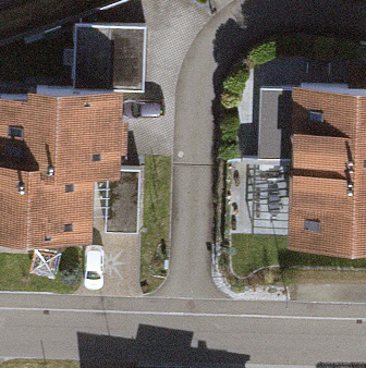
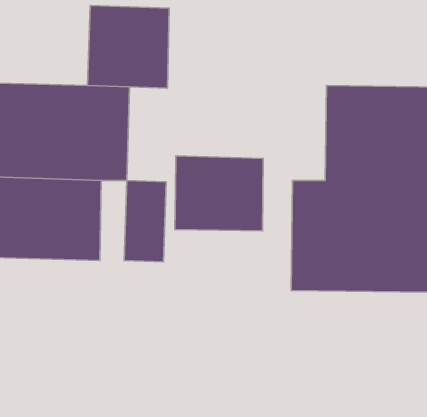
building: none -> [175,156,263,231]

